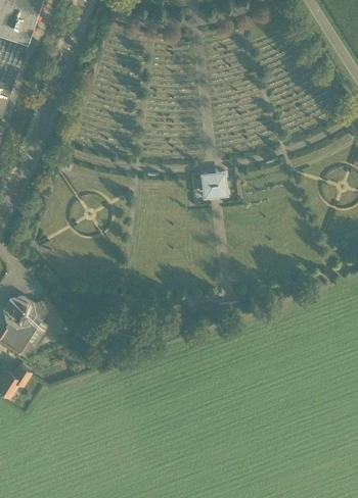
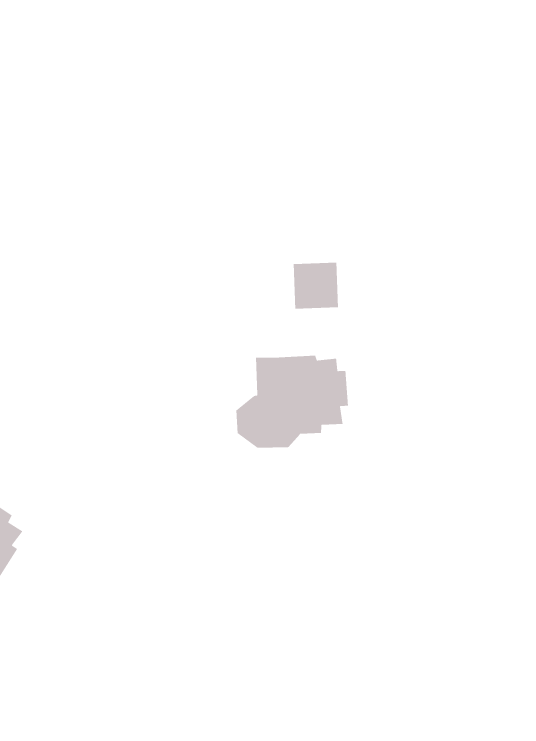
building: none -> [235,355,349,448]

